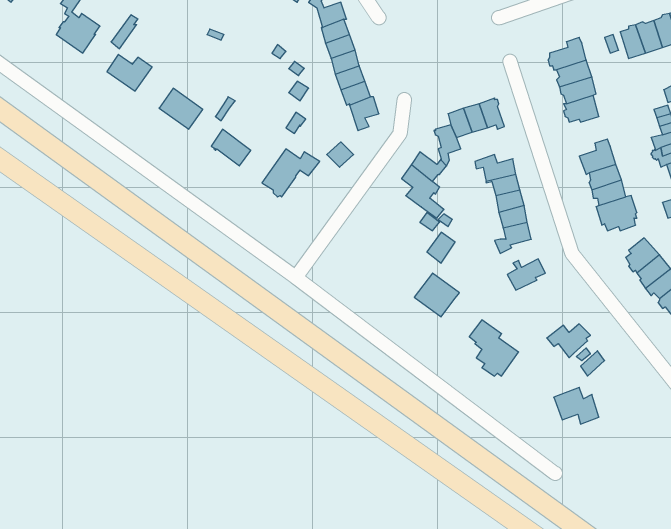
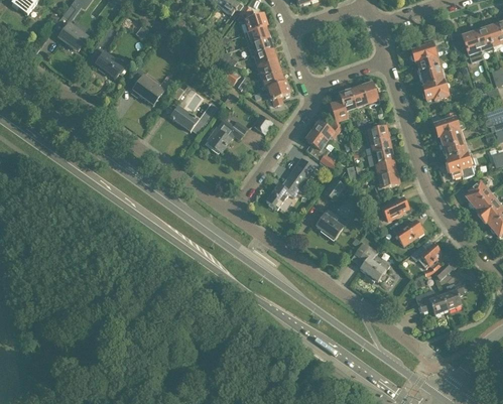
building: none -> [266,157,316,210]
building: none -> [392,220,423,245]
building: none -> [443,282,465,310]

